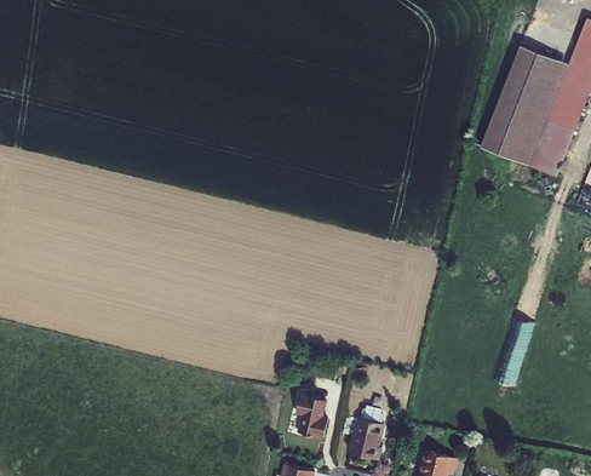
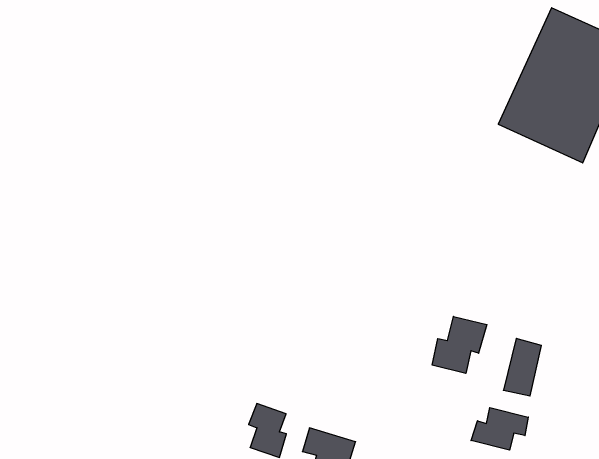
building: none -> [432,316,487,373]
building: none -> [471,408,528,450]

